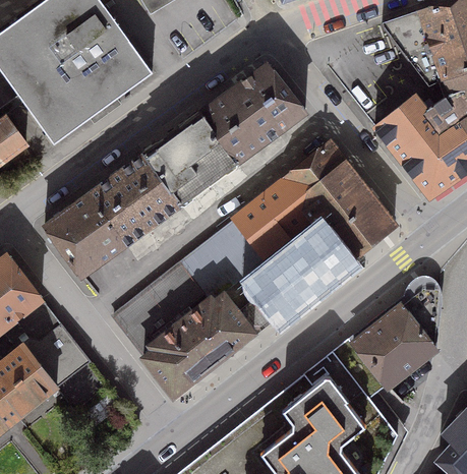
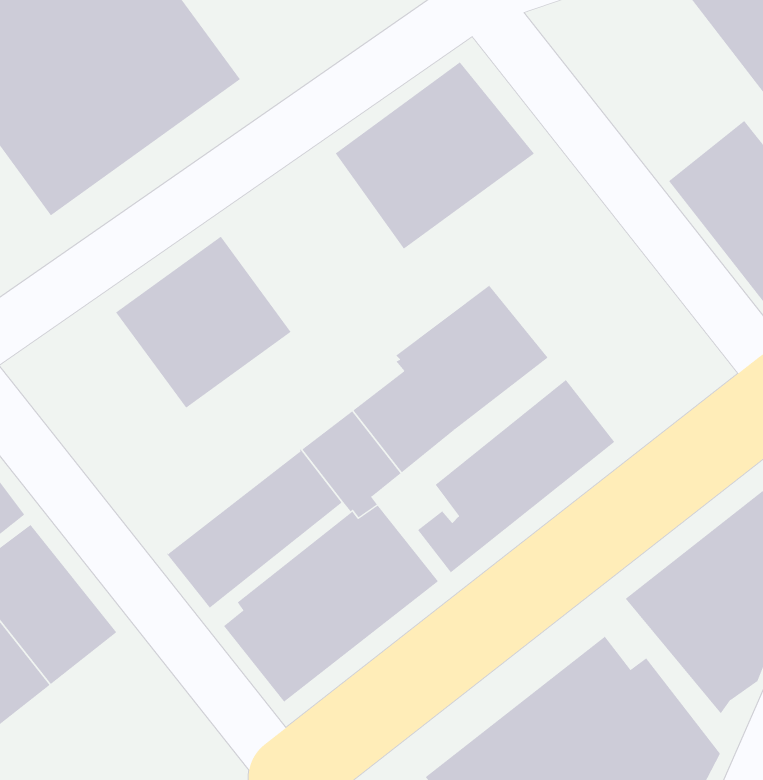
building: [142,112,237,204] -> none
building: [282,142,394,261] -> none
building: [44,194,124,276] -> none

